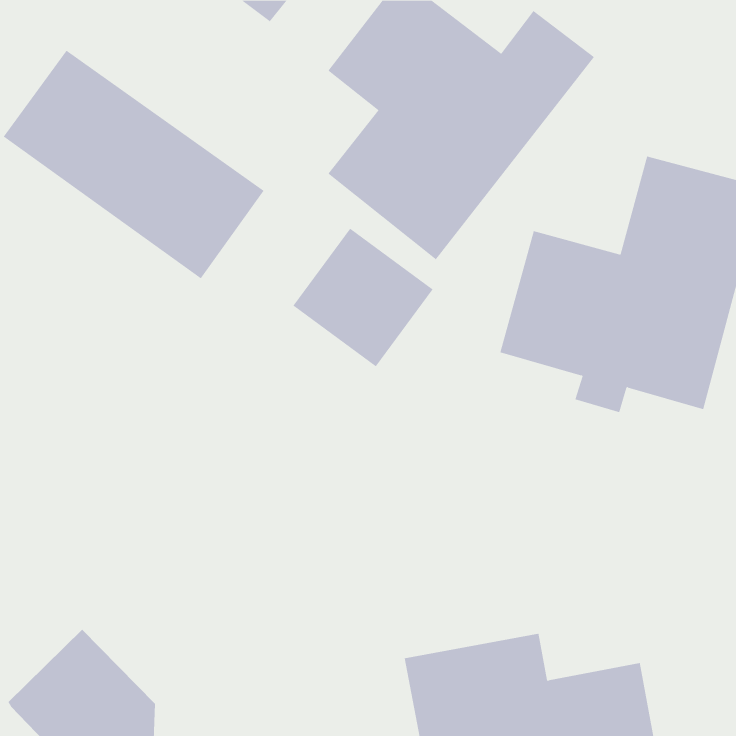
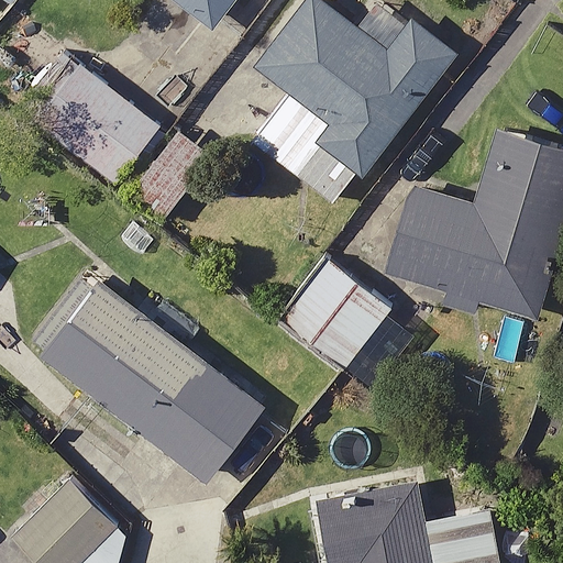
building: [293,228,434,367] -> [285,264,390,368]
building: none -> [35,274,264,481]

